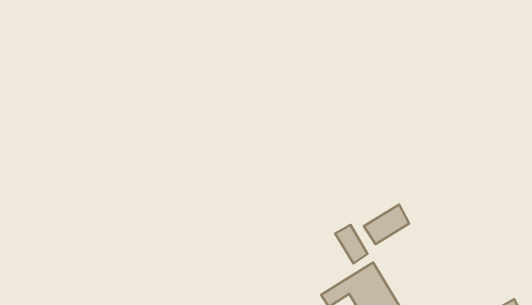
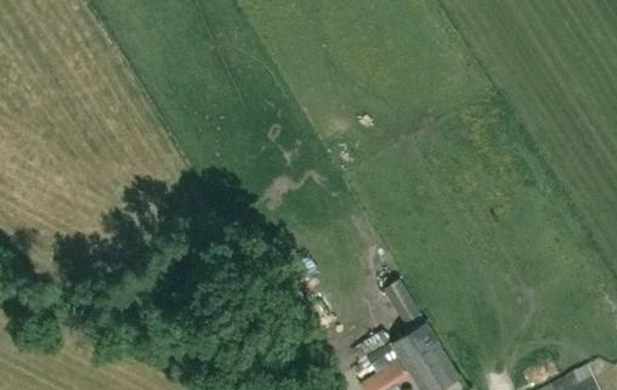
building: [364,205,409,244] -> none

